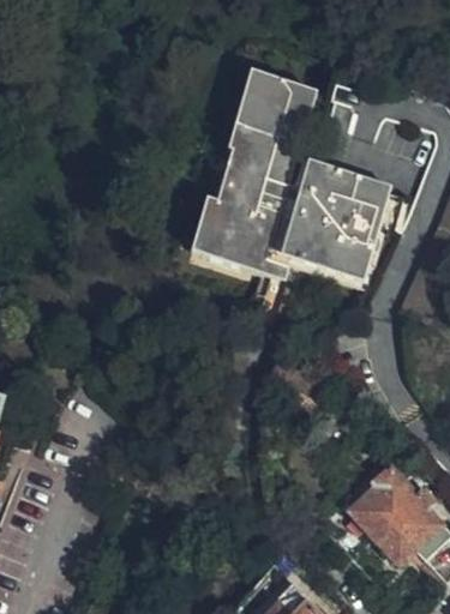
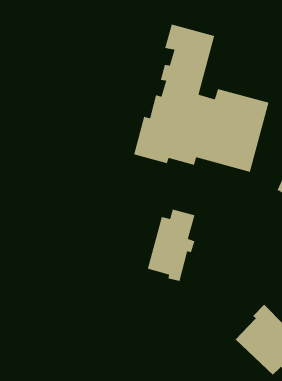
building: none -> [147,208,196,282]

